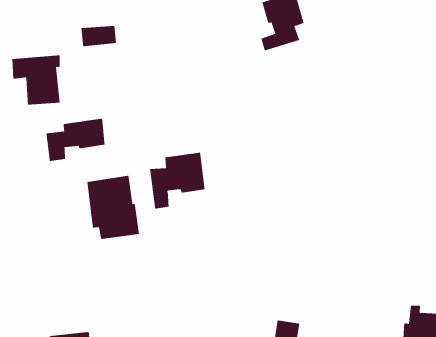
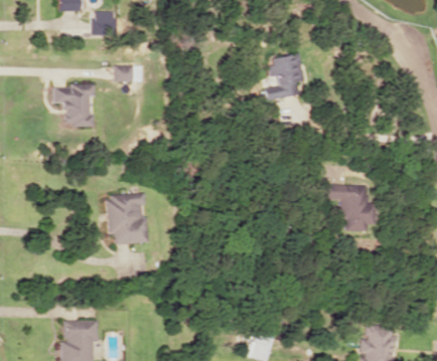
building: [46,118,105,162] -> none
building: none -> [316,184,375,231]
building: [149,152,205,209] -> none

